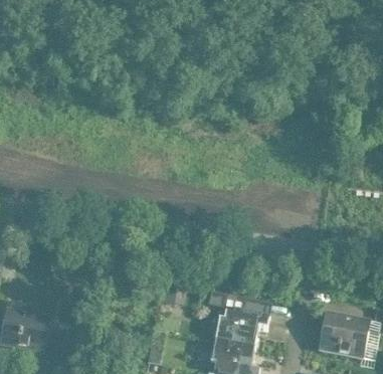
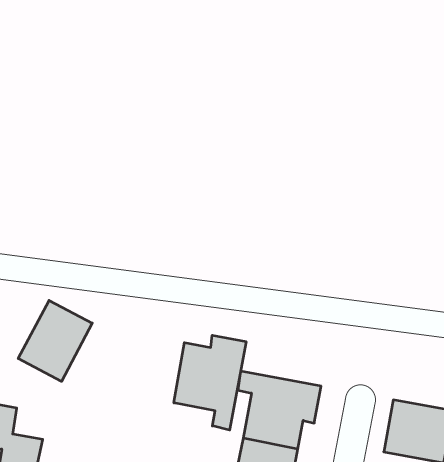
building: none -> [18,300,92,381]
building: none -> [174,335,246,430]

